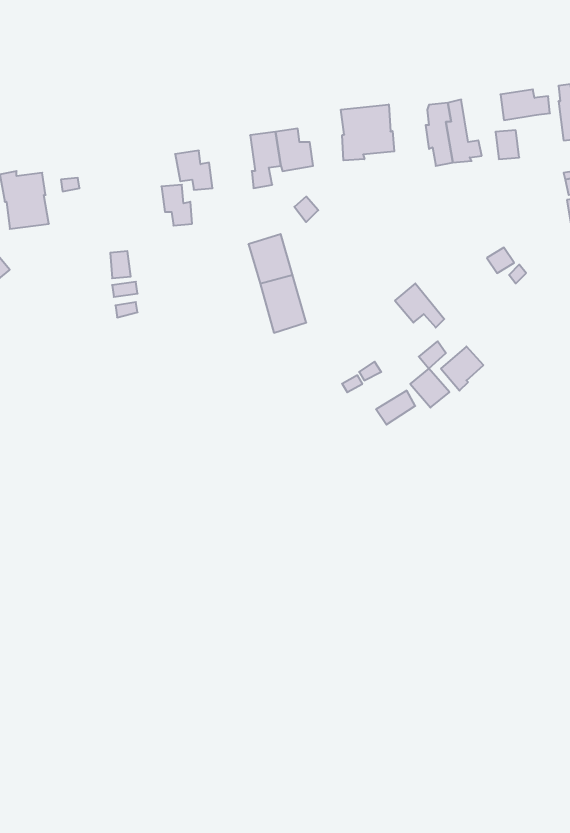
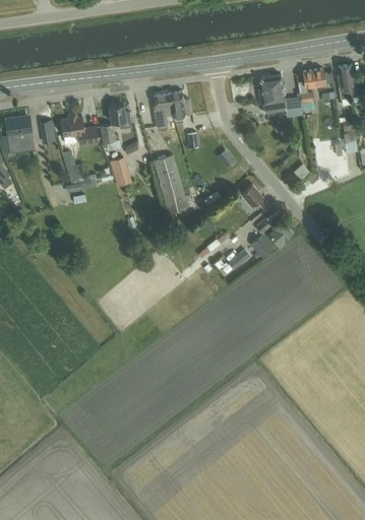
building: [341,104,394,160] -> none
building: none -> [61,118,99,145]
building: none -> [112,155,131,184]

